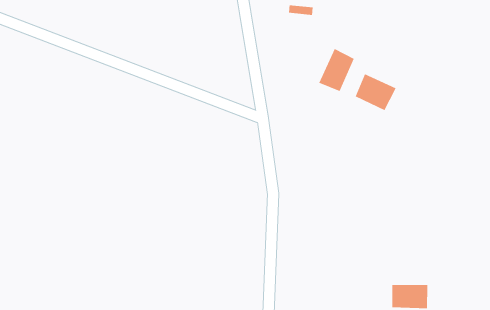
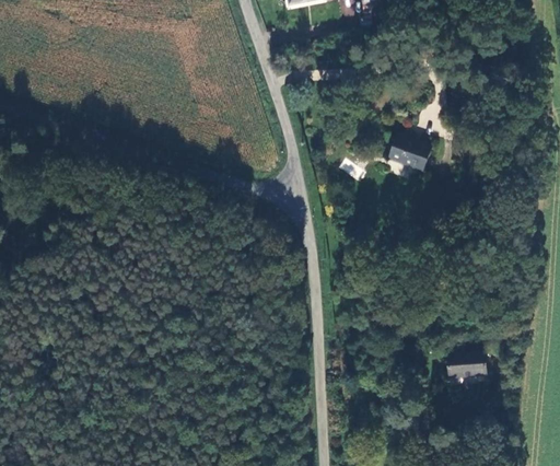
building: [318,48,355,92] -> none

